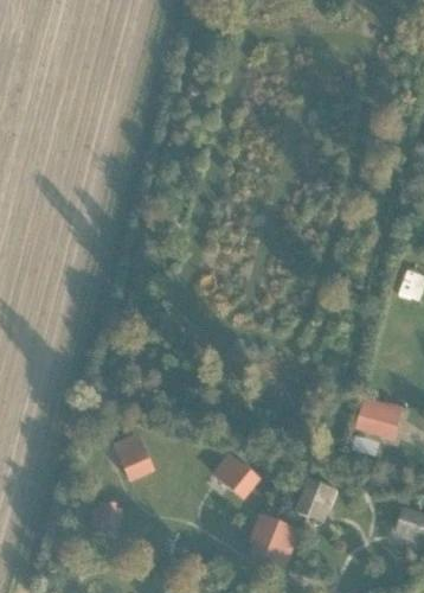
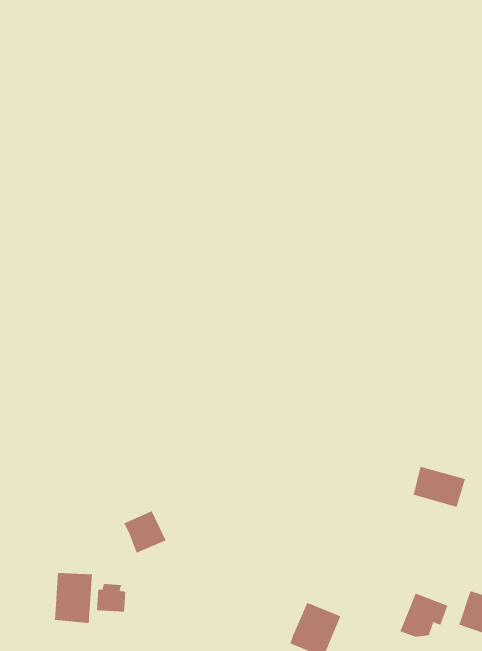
building: [220,457,258,493] -> none
building: [297,477,338,514] -> [399,593,448,637]
building: none -> [55,572,93,624]

